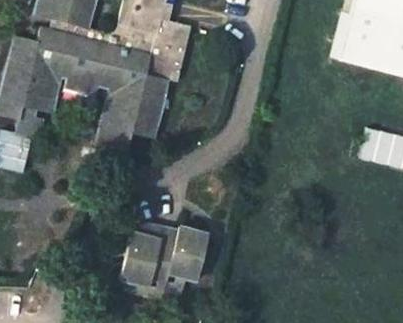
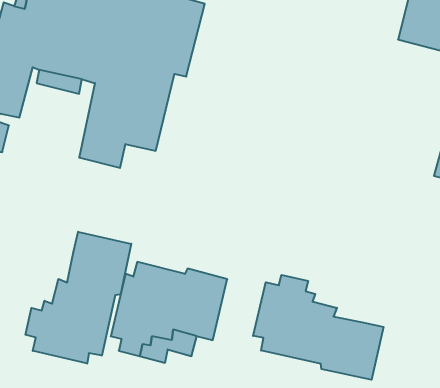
building: none -> [25,232,131,364]
building: none -> [253,275,384,380]

